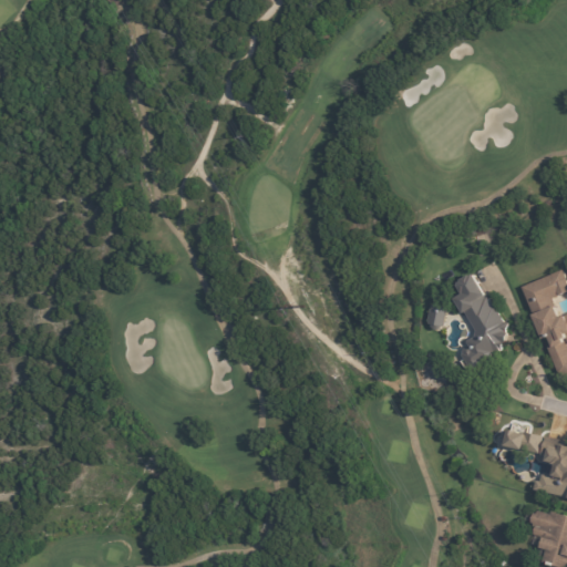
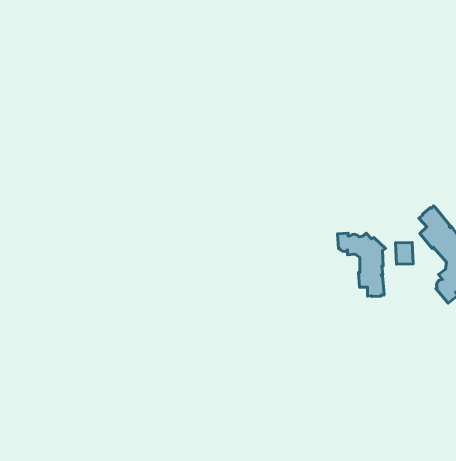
building: none -> [337,233,386,296]

